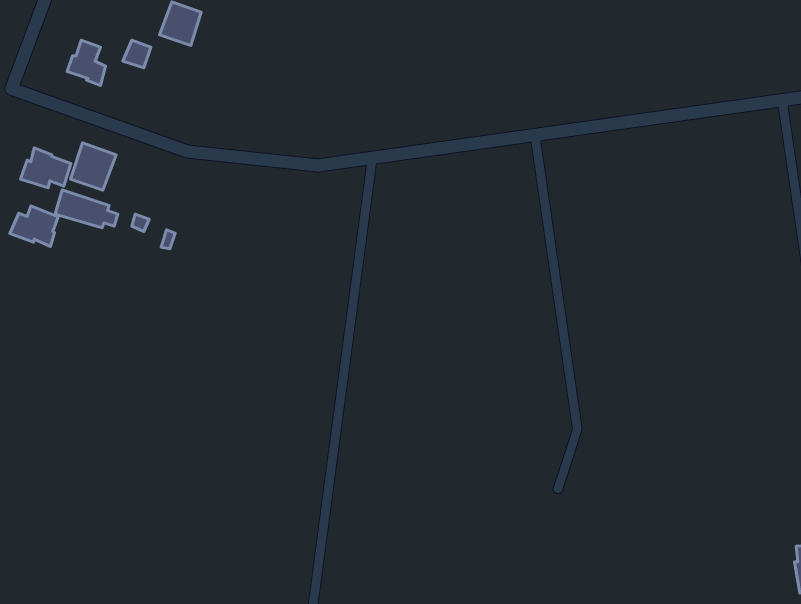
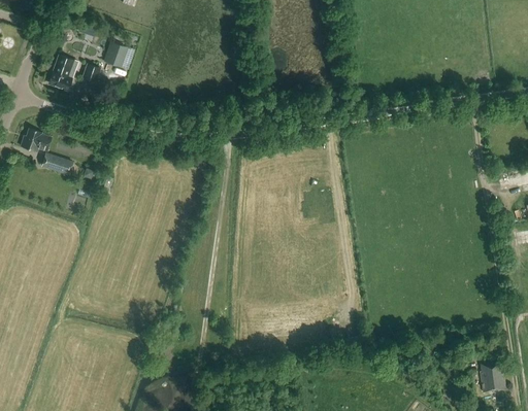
building: [71,143,116,190] -> none
building: [10,206,58,246] -> none

